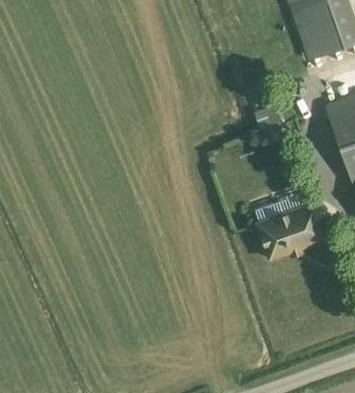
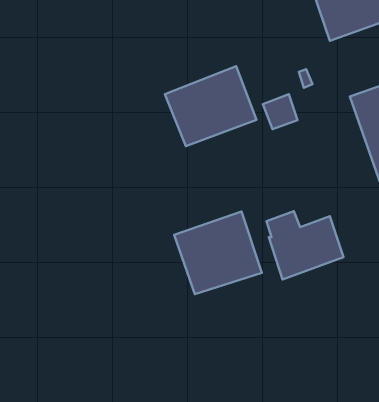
building: none -> [165,66,257,146]
building: none -> [174,211,262,294]

